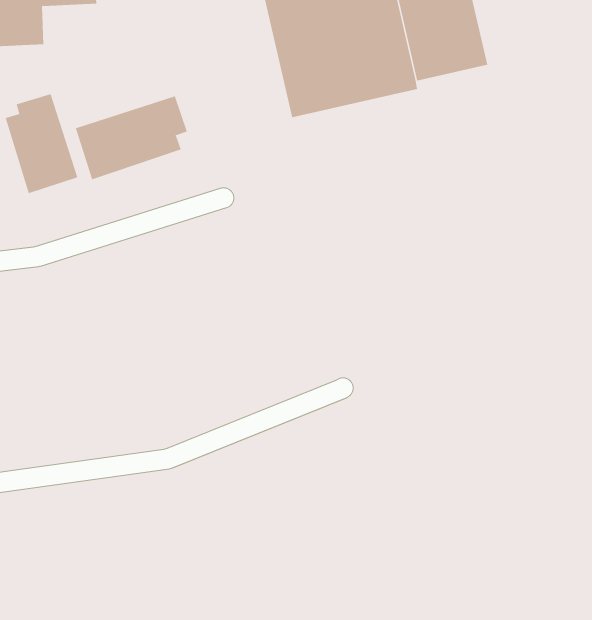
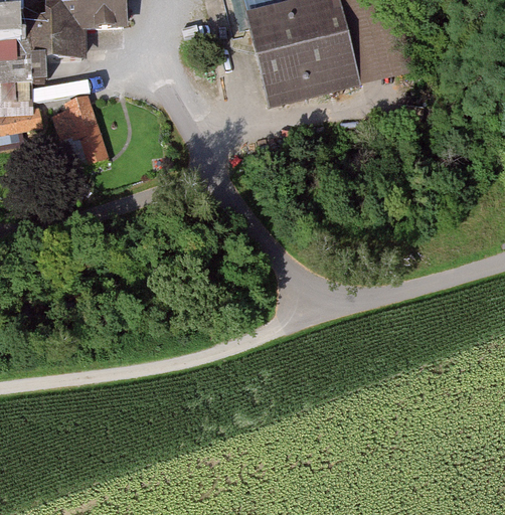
building: [75,95,188,180] -> none

